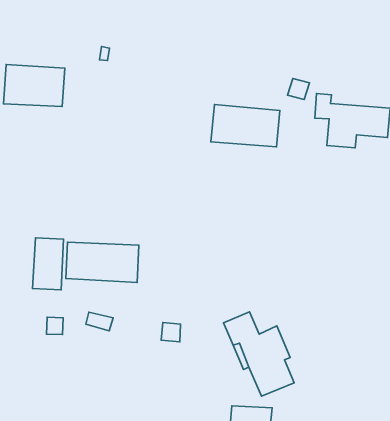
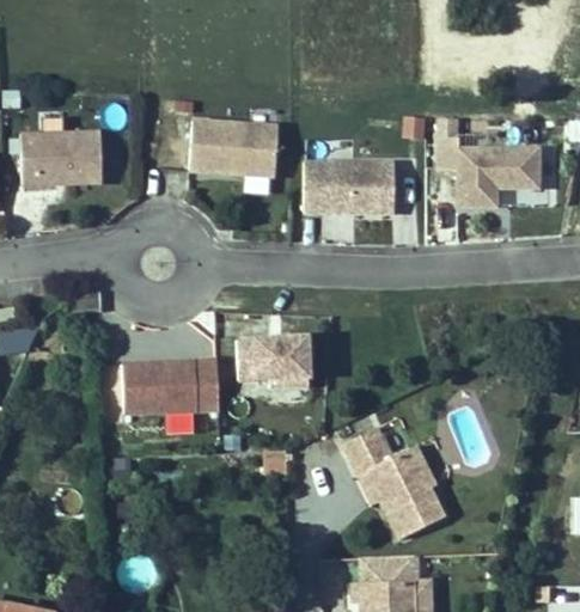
building: none -> [189,120,277,175]
building: none -> [236,337,311,398]
building: [32,238,63,290] -> none

